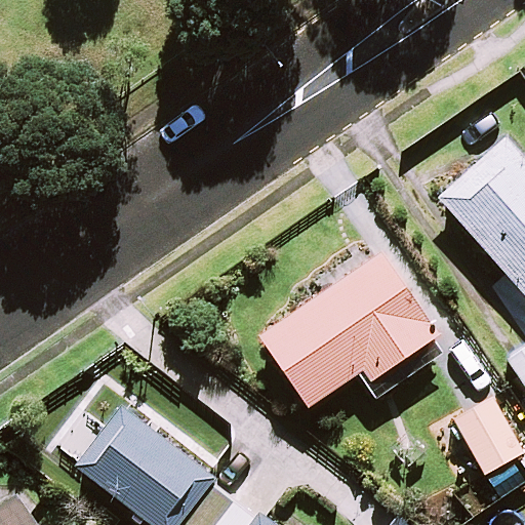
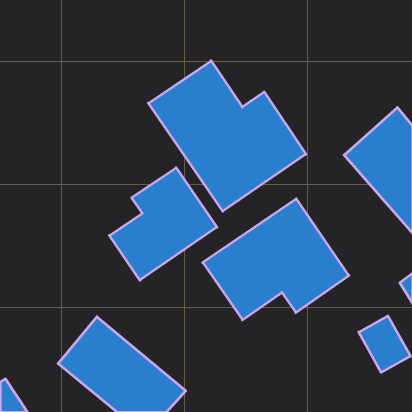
building: none -> [148,61,306,211]
building: none -> [109,168,217,280]

